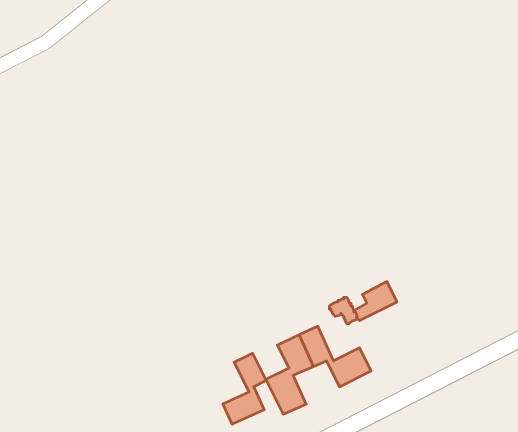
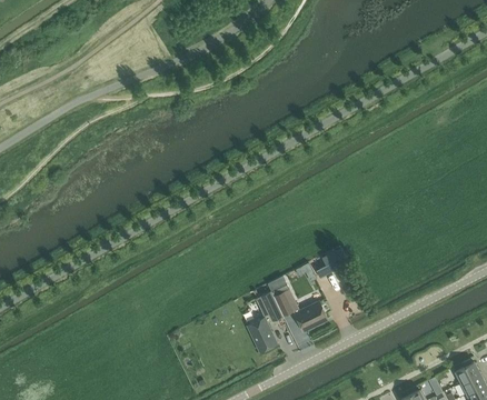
building: [223,353,266,424] -> none

